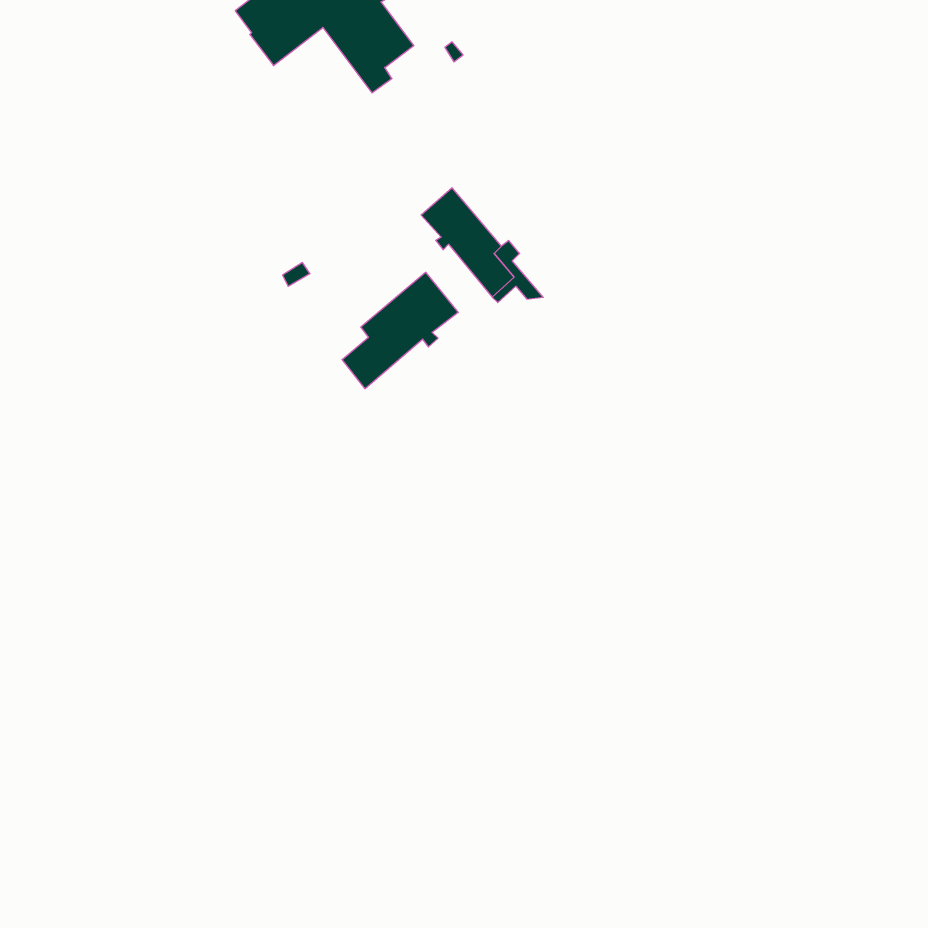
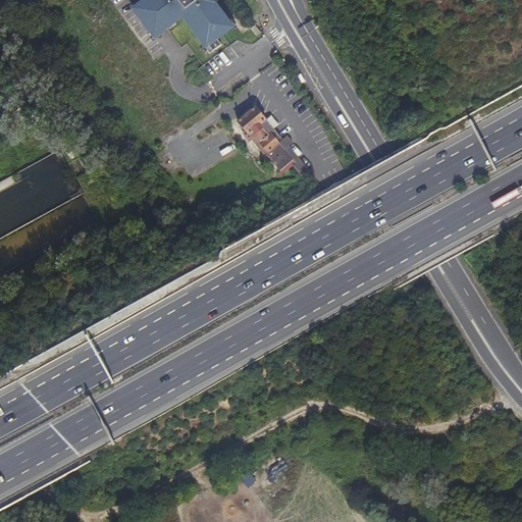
building: [342,272,458,389] -> none

